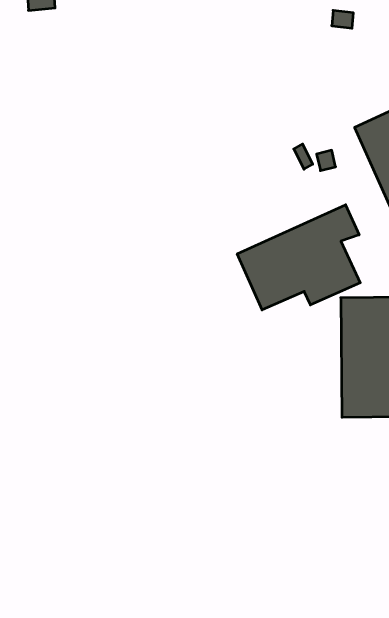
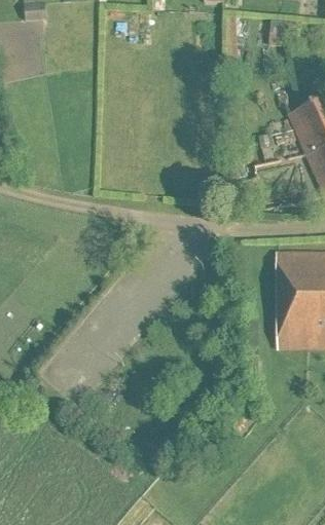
building: [237,205,360,310] -> none

